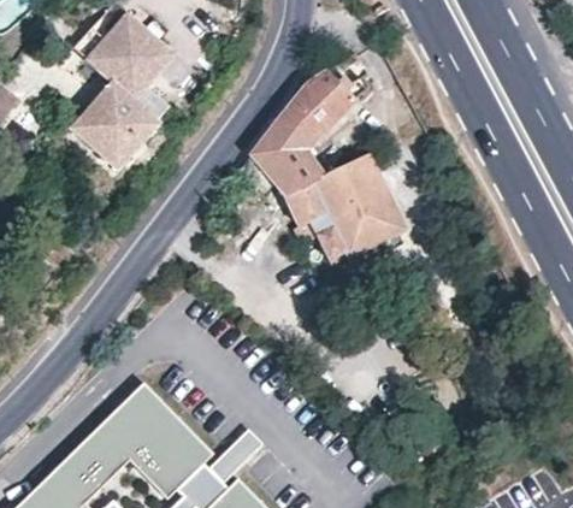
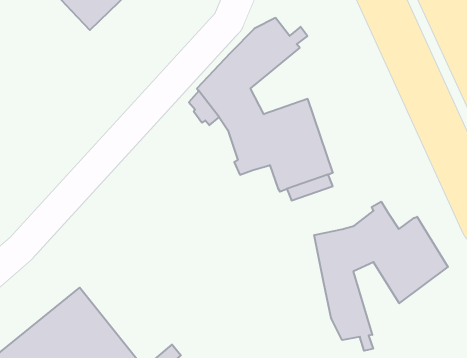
building: [70,83,155,169] -> none
building: none -> [314,202,448,351]

